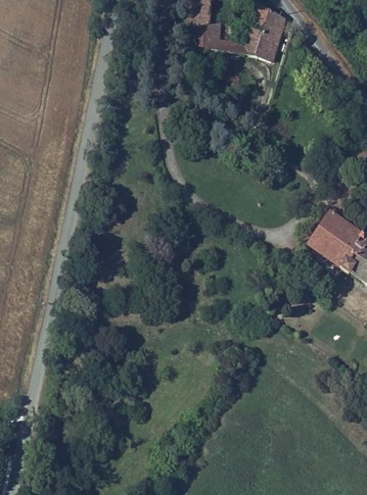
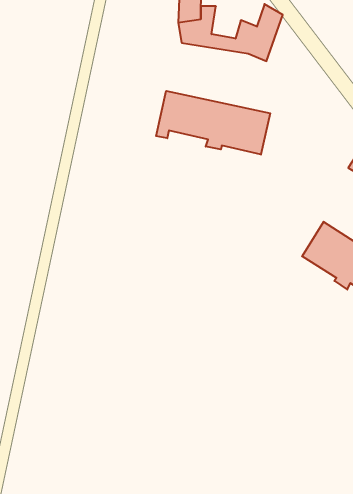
building: none -> [156,91,270,155]

